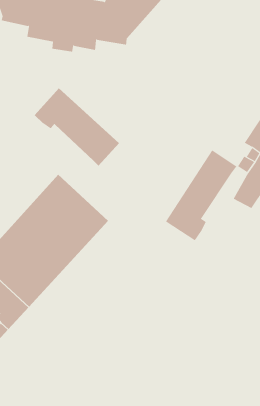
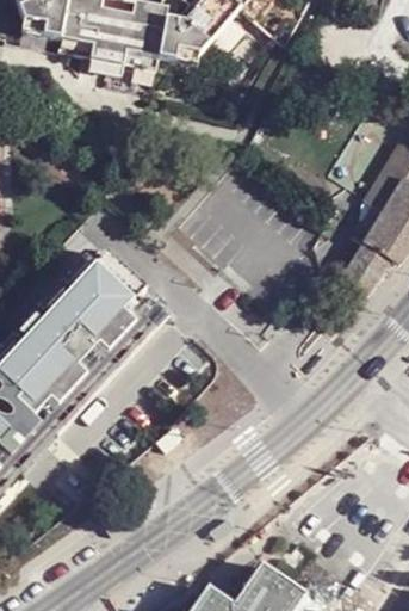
building: [34,88,120,166] -> none
building: [165,150,237,241] -> none

